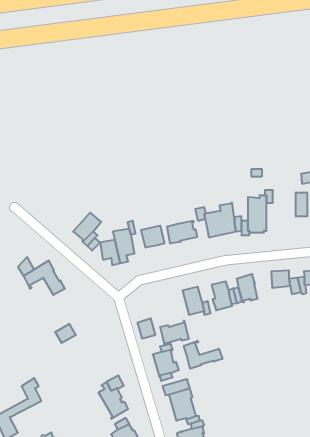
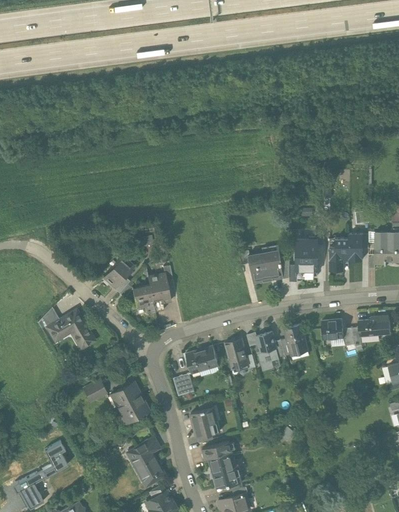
building: none -> [330,238,349,271]
building: [167,221,197,244] -> none
building: [141,226,164,248] -> none
building: [160,321,189,345] -> [186,346,218,373]
building: none -> [111,381,148,422]
building: [184,341,222,369] -> none

